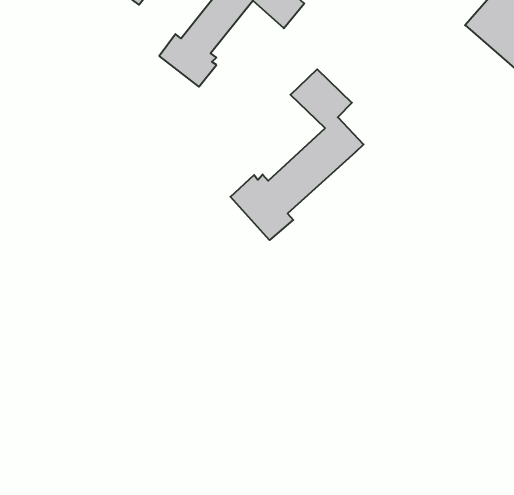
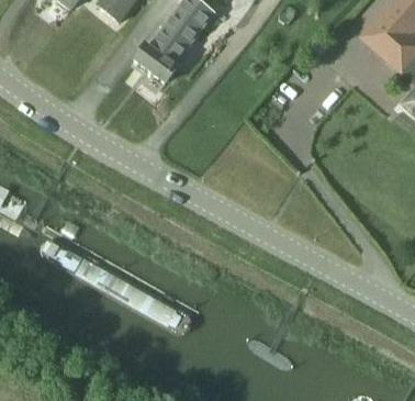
building: [230,69,364,240] -> none

